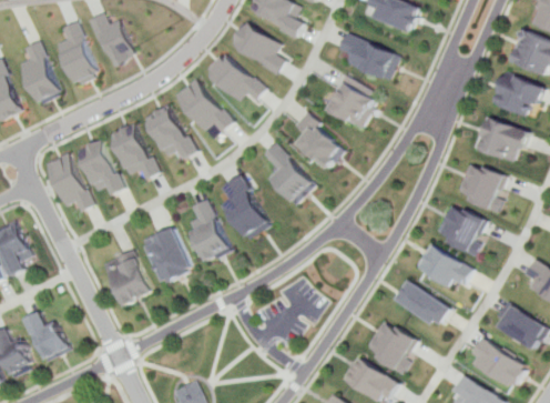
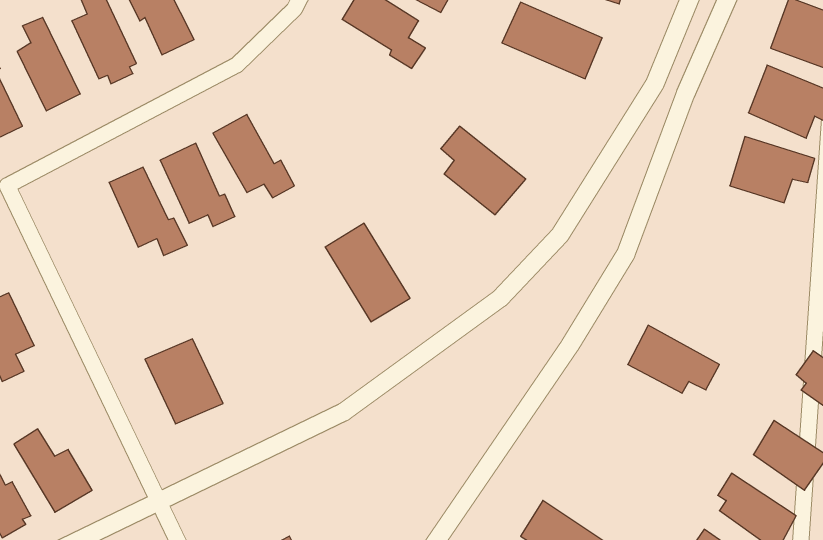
building: [205,53,265,101] -> none
building: [174,78,232,137] -> none
building: [333,79,383,130] -> none
building: [264,141,318,205] -> none
building: [43,152,93,211] -> none
building: [461,162,512,211] -> none
building: [189,199,233,262] -> none
building: [440,204,491,255] -> none
building: [141,226,196,284] -> none
building: [395,280,451,328] -> none
building: [366,319,417,374] -> none

